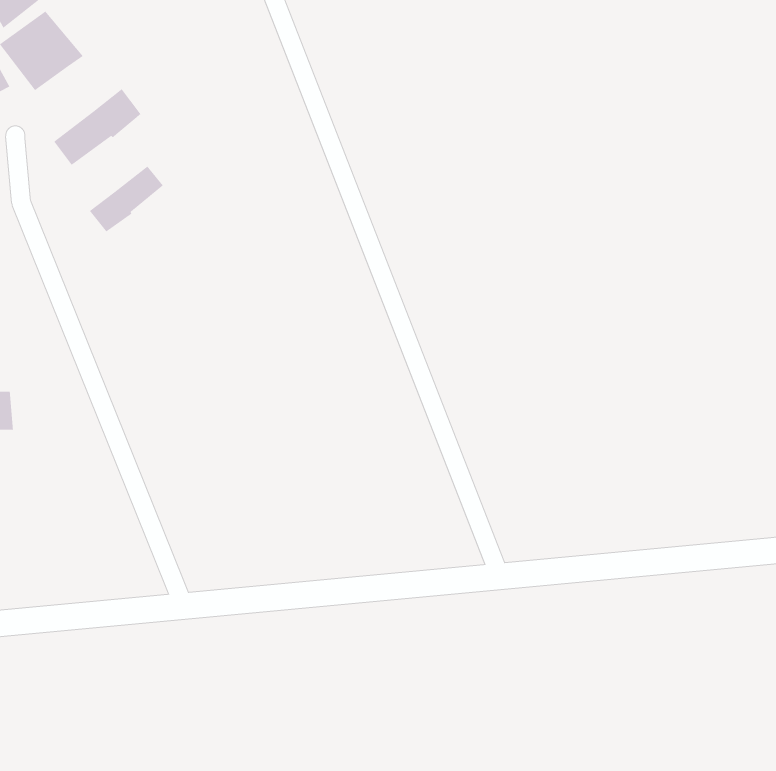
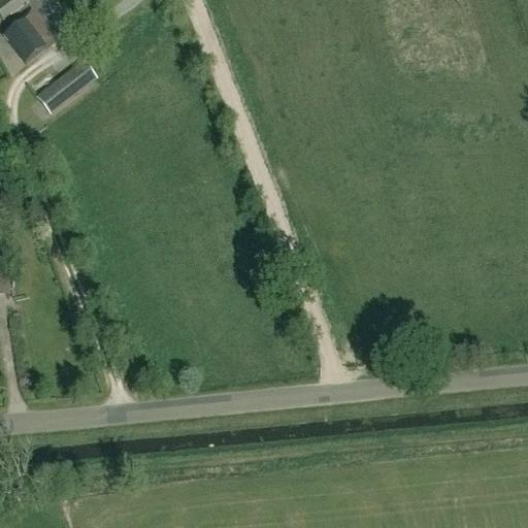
building: [89,165,164,233] -> none

